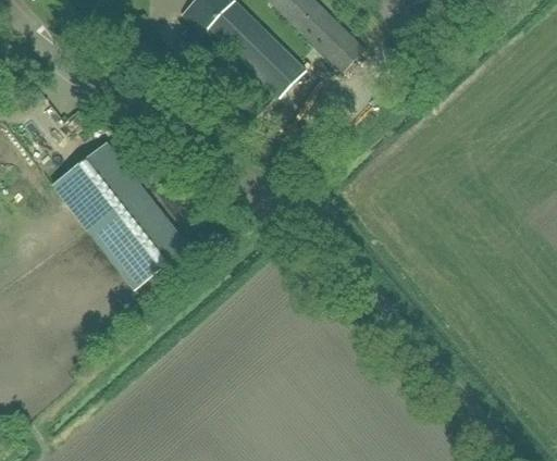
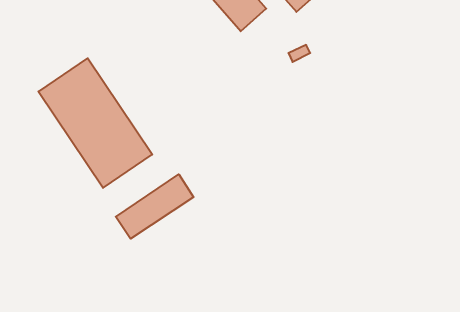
building: none -> [116,174,194,239]

